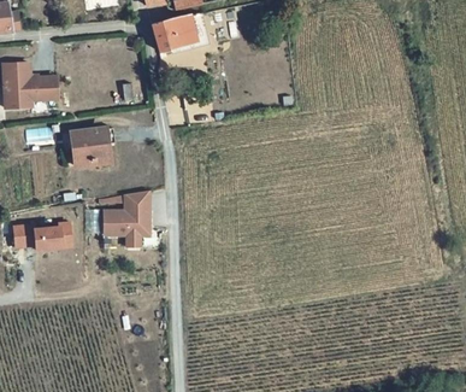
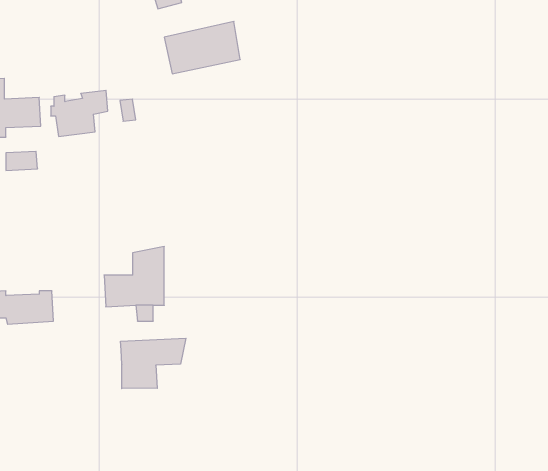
building: [67,128,111,163] -> [51,90,108,136]
building: none -> [121,338,186,389]

